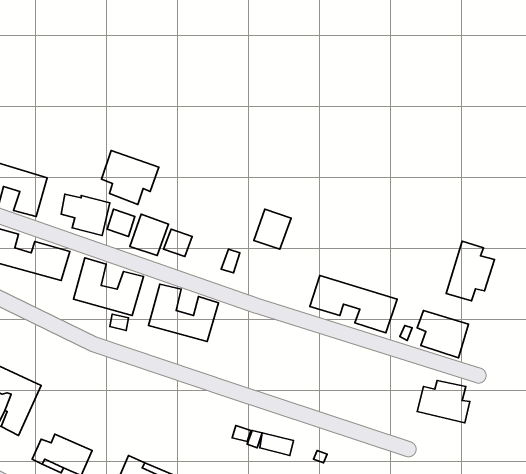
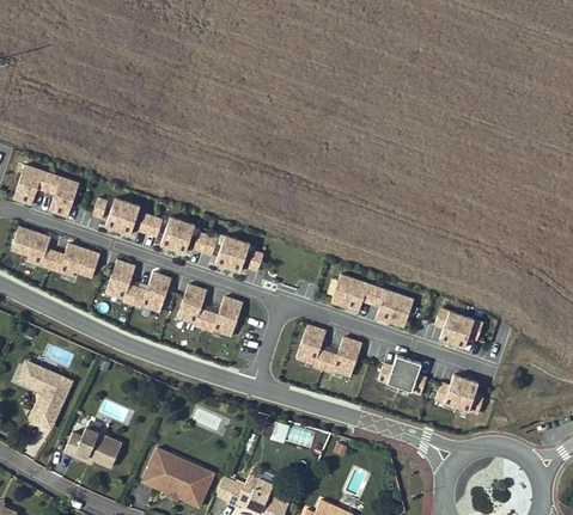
building: [101,150,159,204] -> none
building: [254,209,291,249] -> [214,235,250,274]
building: [446,241,495,301] -> none
building: none -> [294,323,362,379]
building: none -> [386,357,420,393]

